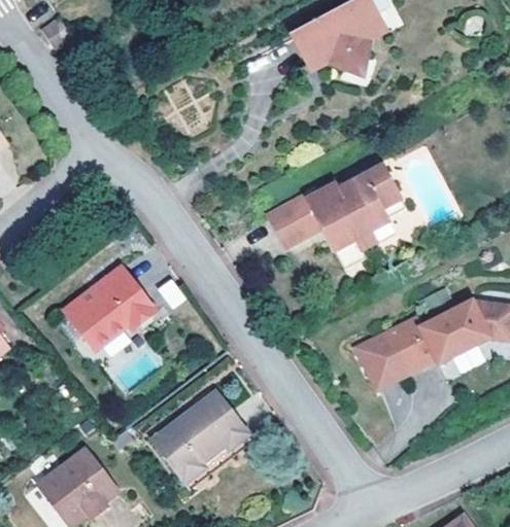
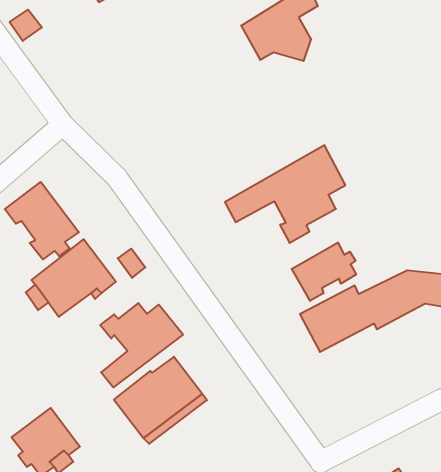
building: none -> [5,182,79,259]
building: none -> [292,242,356,301]
building: none -> [100,303,183,387]

